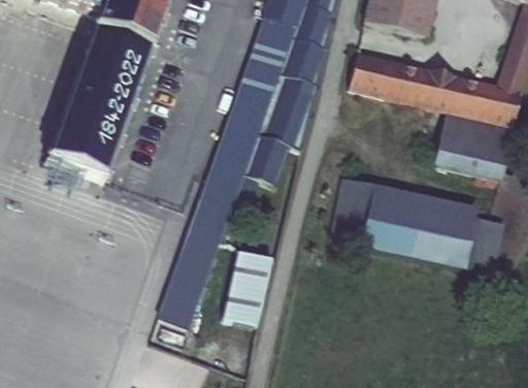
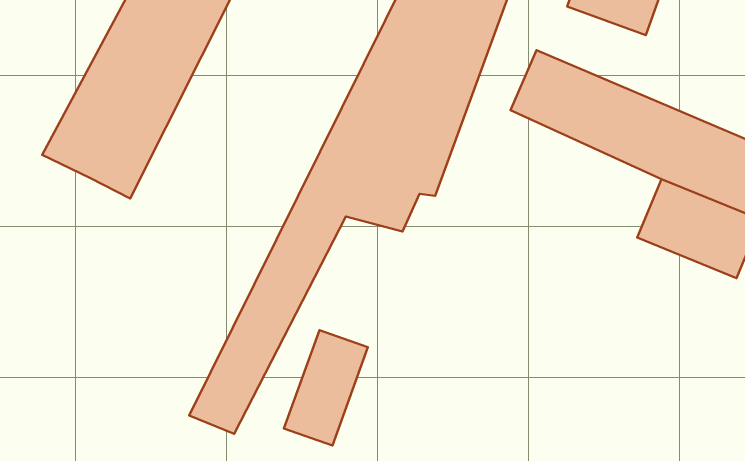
building: [329,175,506,273] -> none

